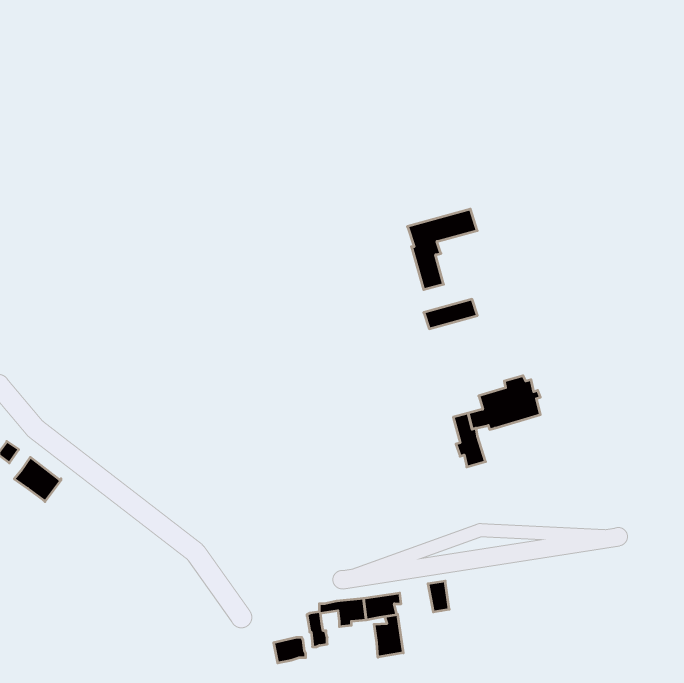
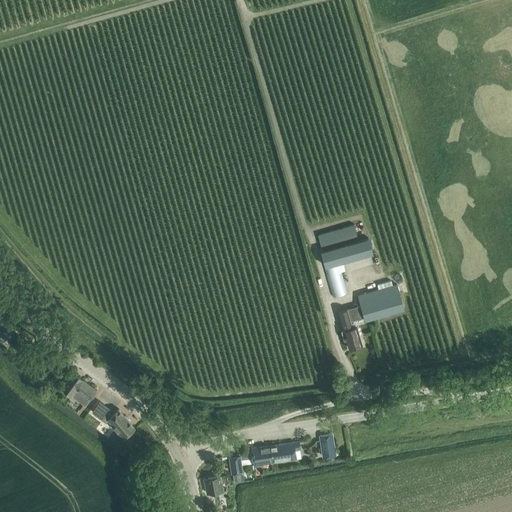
building: [407,209,477,290] -> [320,239,372,299]
building: [14,457,61,502] -> [61,375,96,408]
building: none -> [92,403,134,439]
building: [374,614,403,657] -> none

